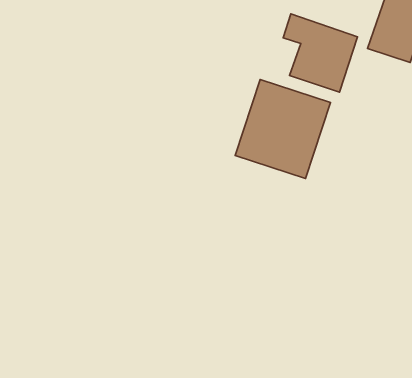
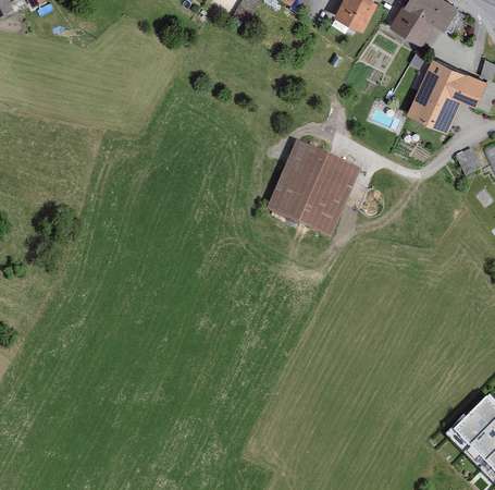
building: [283,14,358,92] -> none

